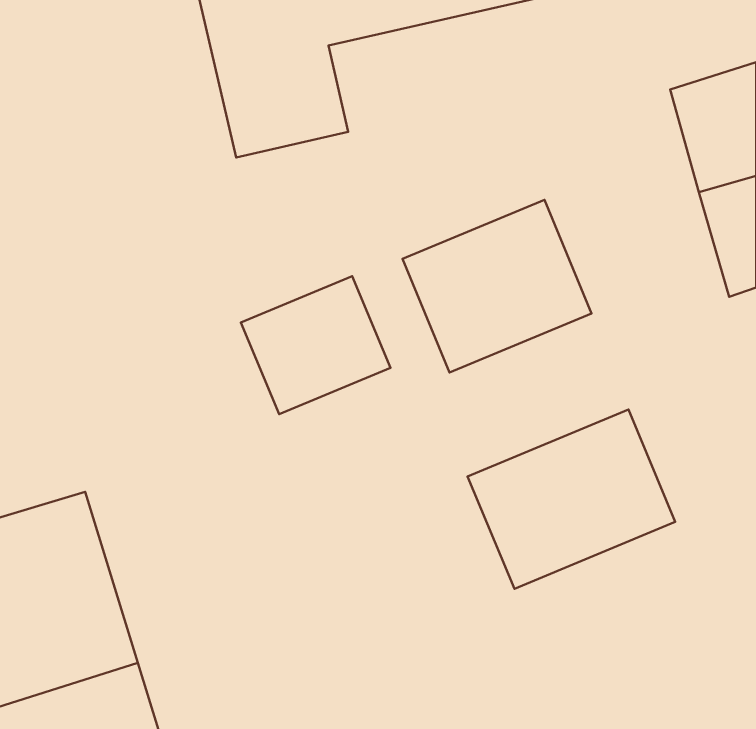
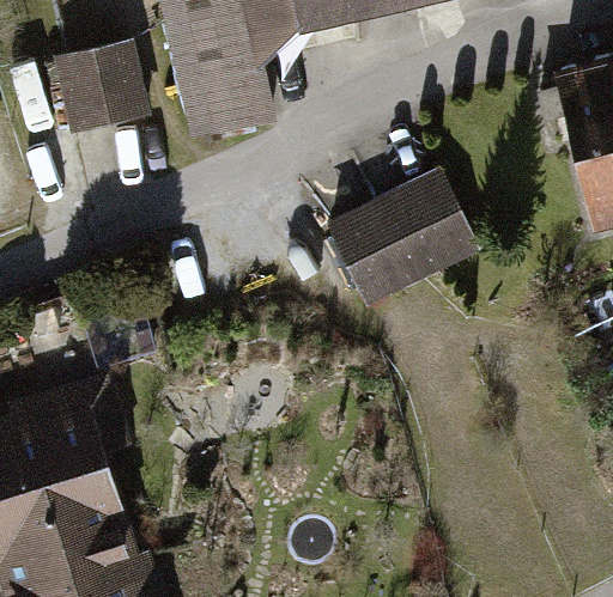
building: none -> [25,42,148,139]
building: [241,276,390,414] -> none
building: [468,410,675,589] -> none

